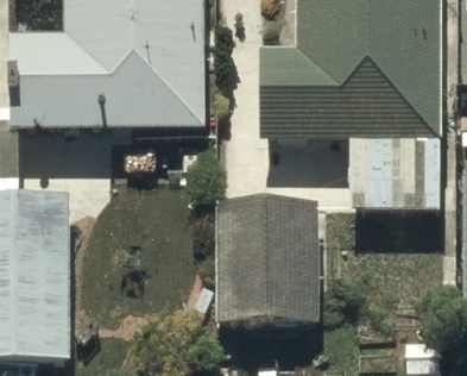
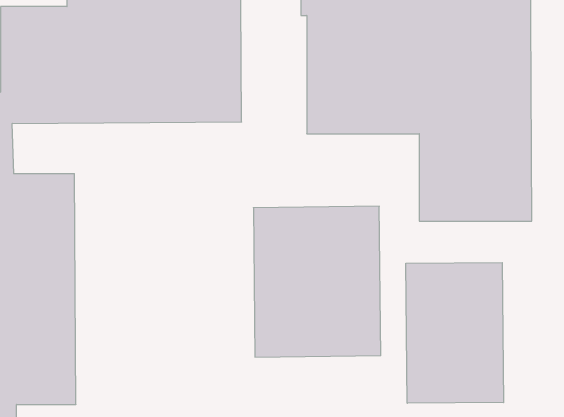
building: none -> [406,263,504,403]

